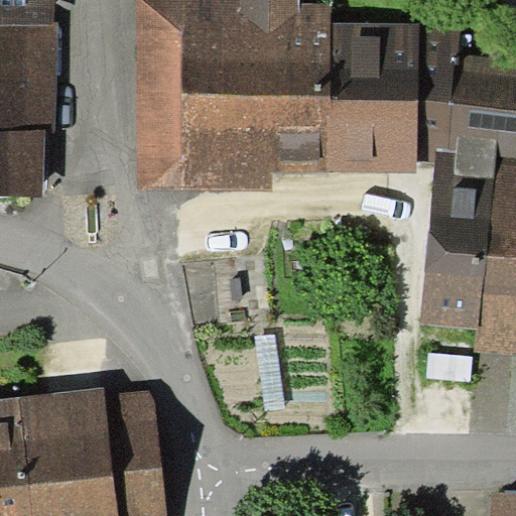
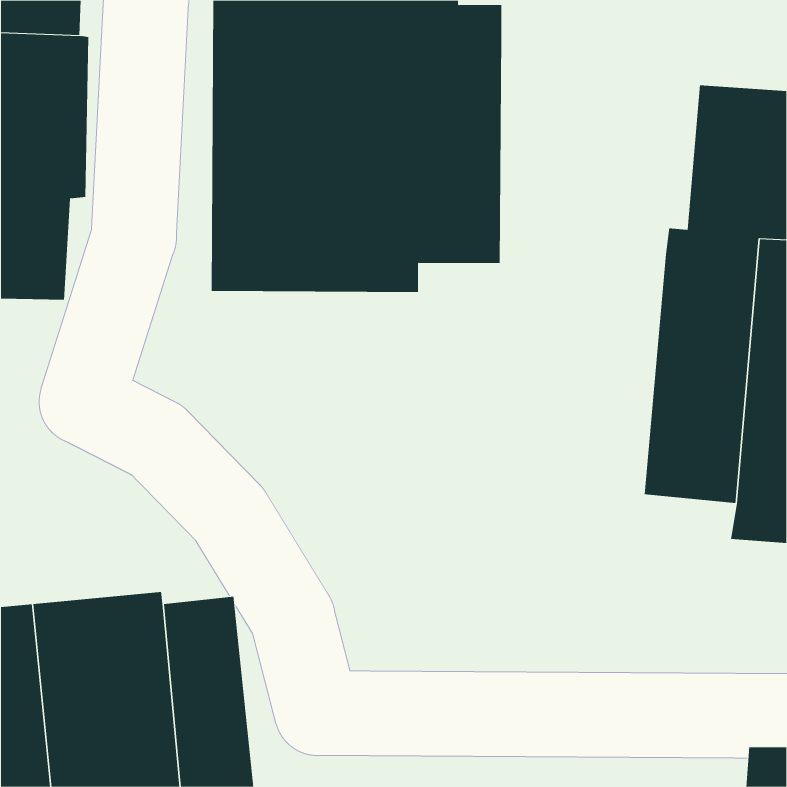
building: [328,23,461,173] -> none

